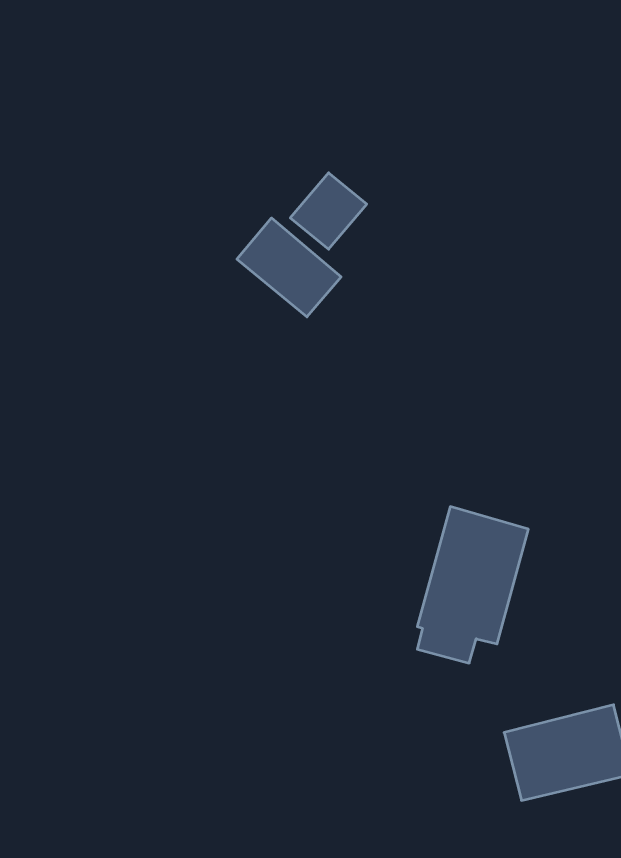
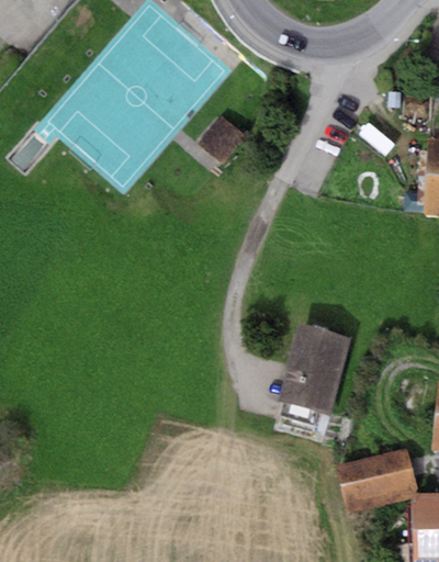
building: [237,218,341,317] -> none

